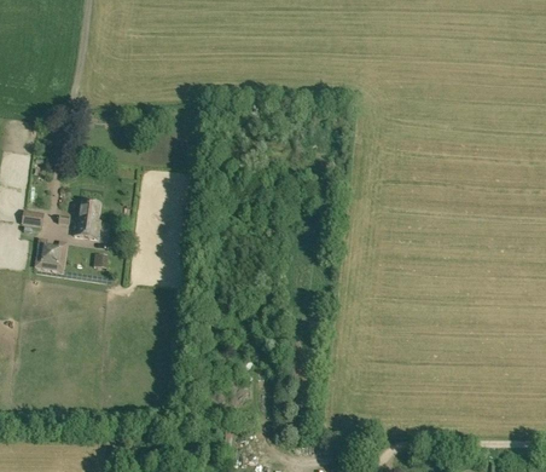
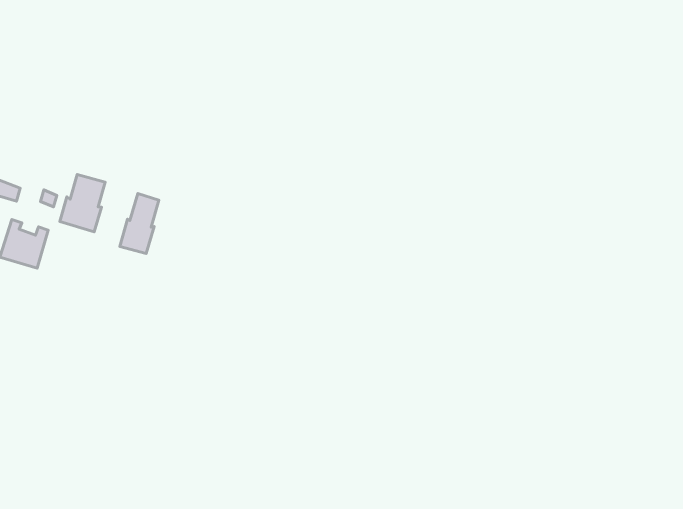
building: none -> [120,193,159,254]

